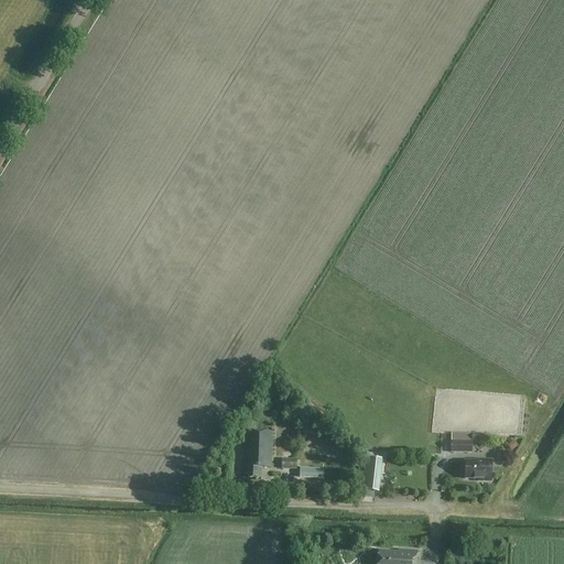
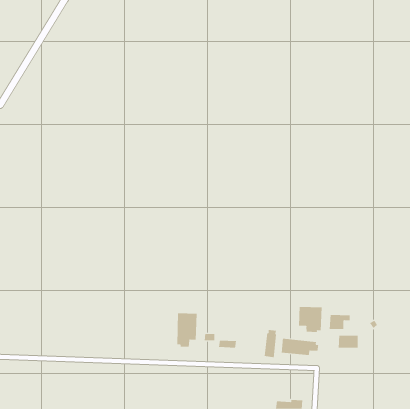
building: none -> [299,306,322,333]
building: none -> [281,338,319,356]

